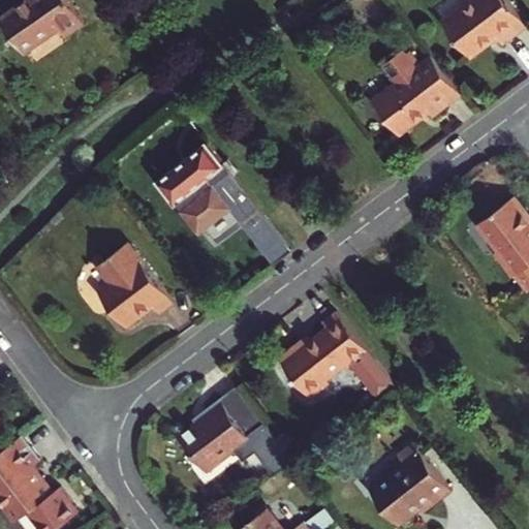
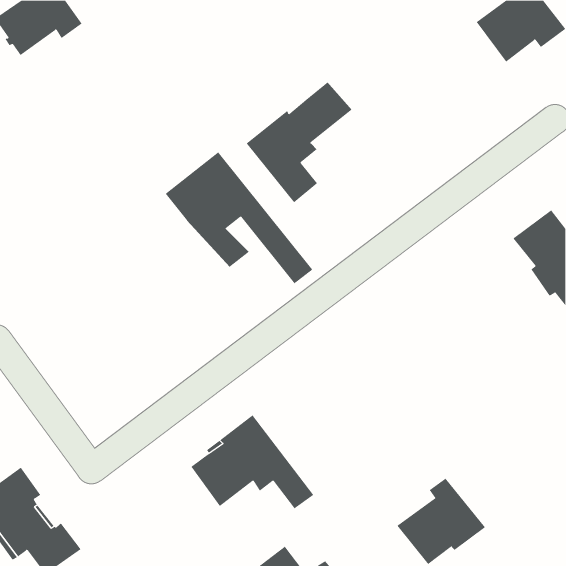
building: [372,52,459,136] -> none
building: none -> [246,81,352,203]
building: [94,244,172,329] -> none
building: [278,311,394,400] -> none

